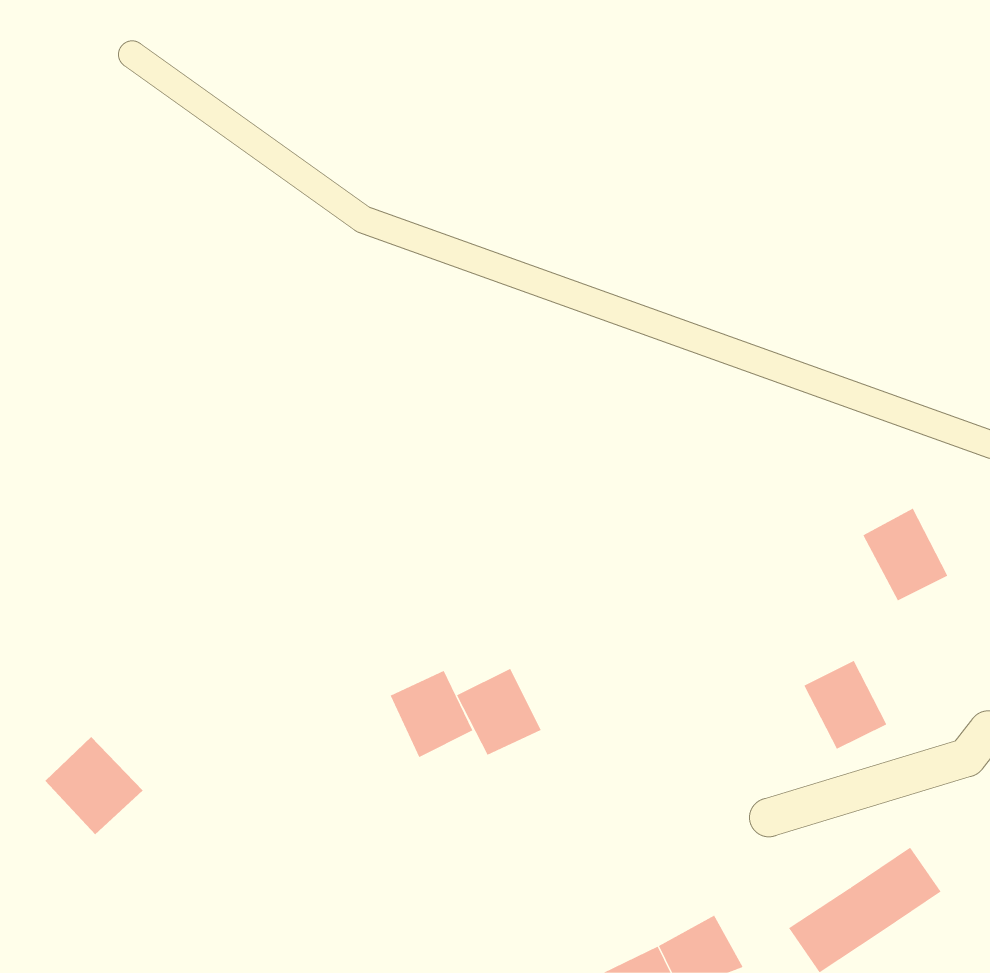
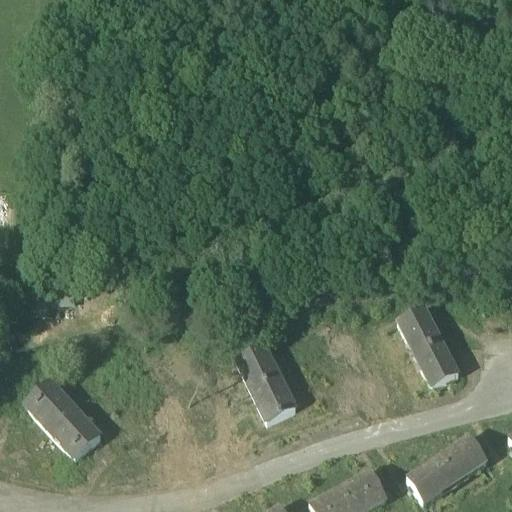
building: [863,508,948,601] -> [397,305,441,353]
building: [390,670,473,758] -> [252,376,295,421]
building: none -> [50,407,100,457]

